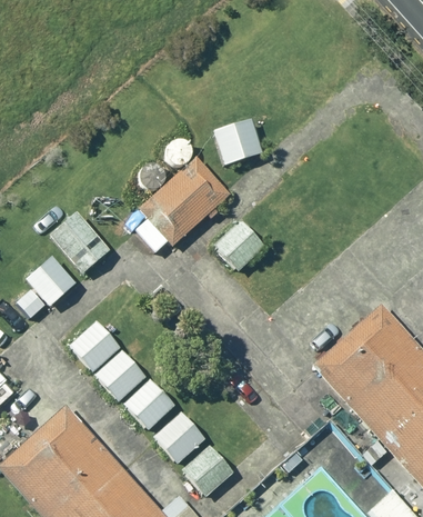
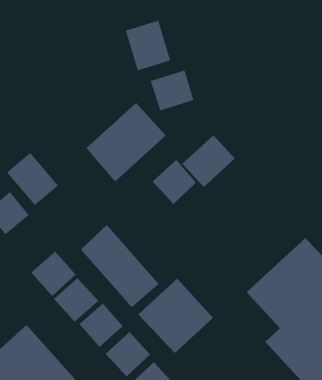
building: none -> [125,20,171,71]
building: none -> [181,135,236,188]
building: none -> [80,224,160,308]
building: none -> [138,278,214,354]

